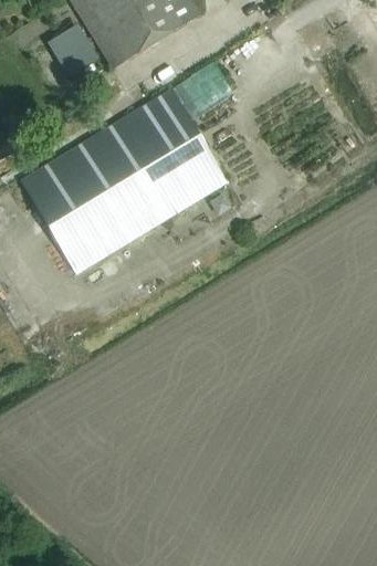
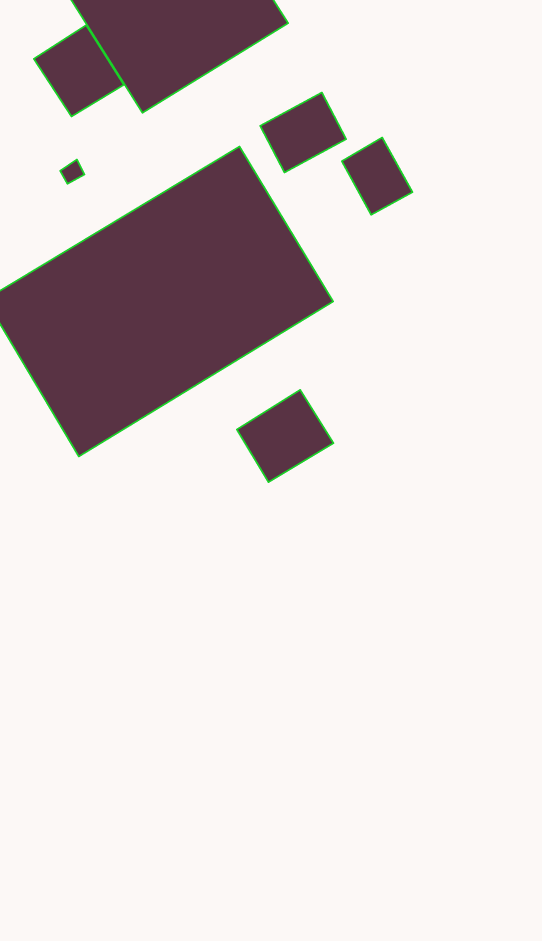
building: none -> [342,138,413,215]
building: none -> [237,390,334,482]

